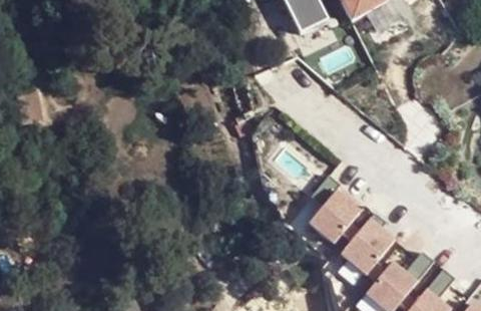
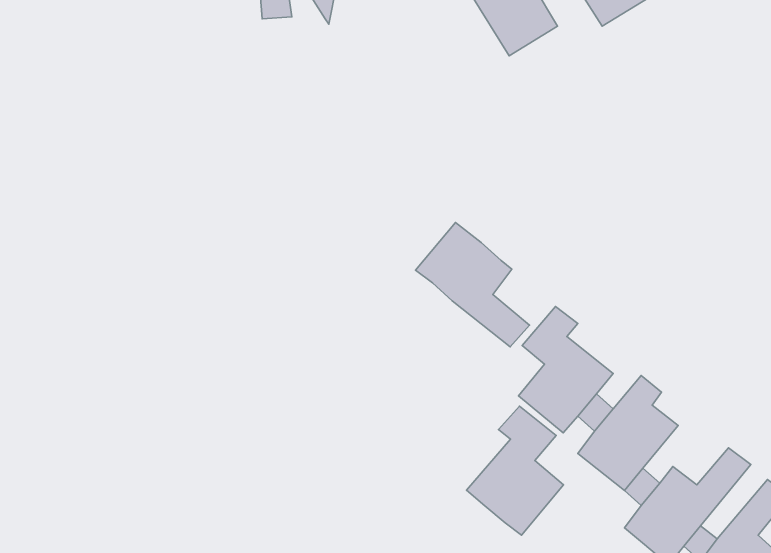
building: none -> [415,222,530,347]
building: none -> [467,406,563,535]

